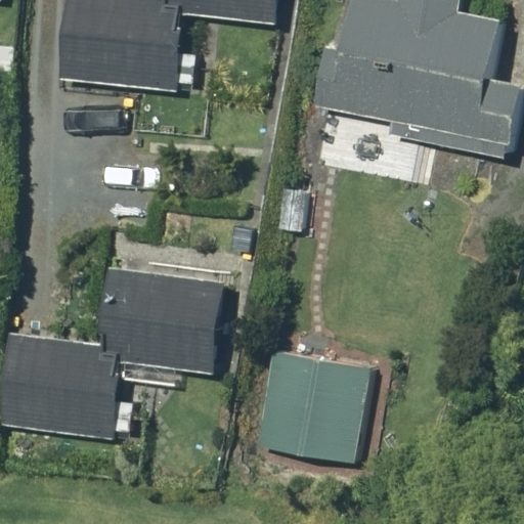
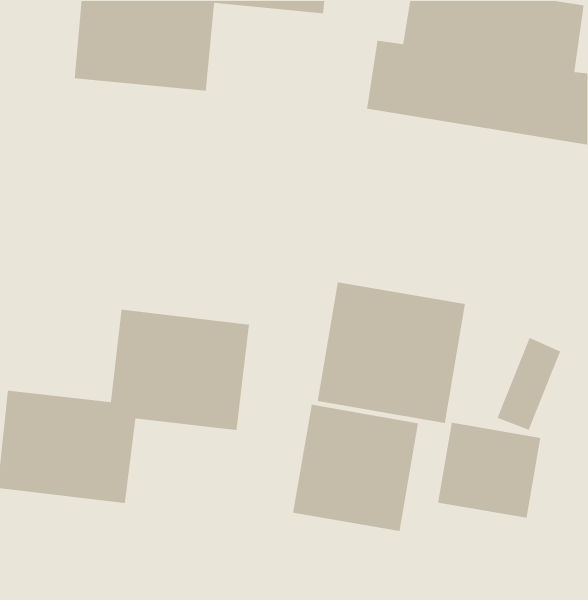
building: none -> [317,281,466,424]
building: none -> [437,422,541,519]

